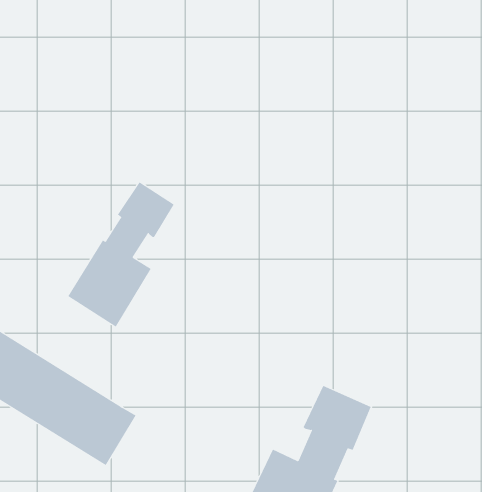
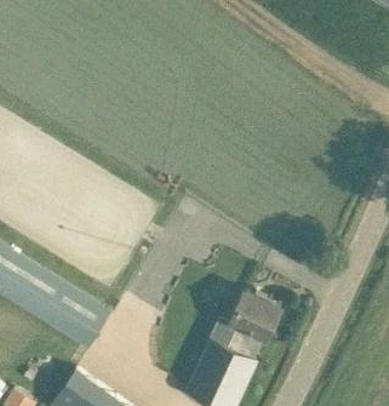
building: [68,182,174,328] -> none

